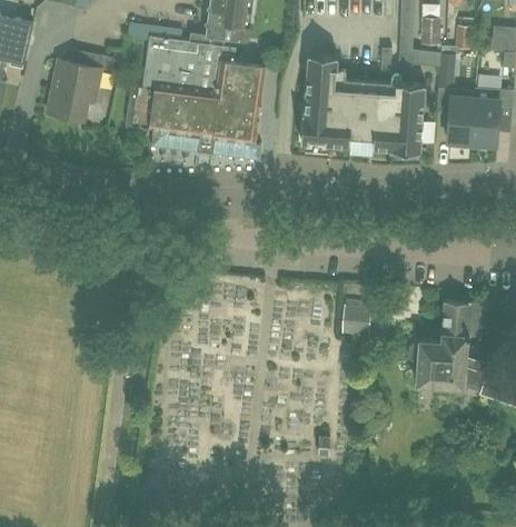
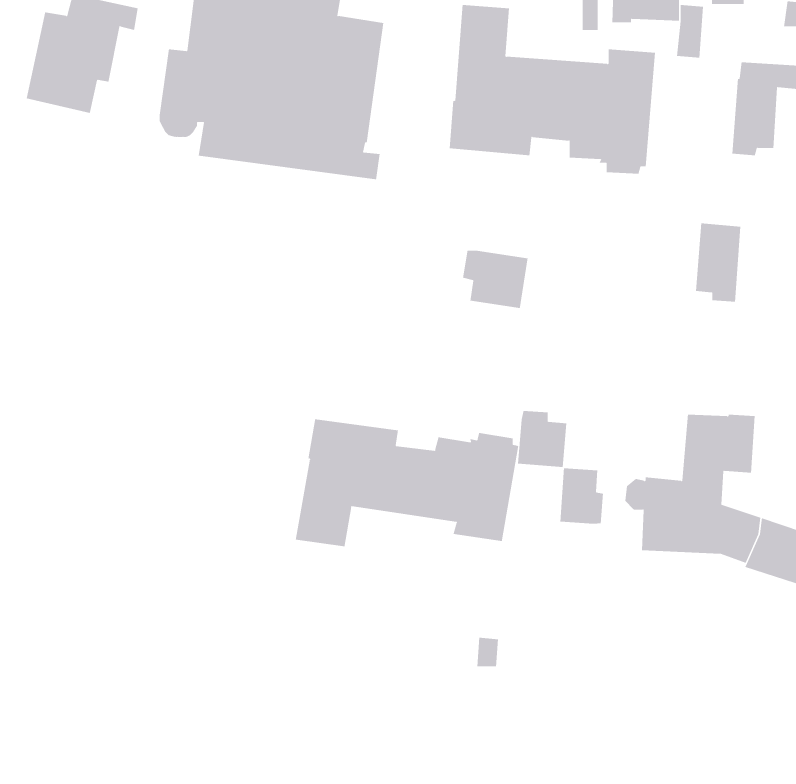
building: [447,97,475,145] -> [695,223,741,302]
building: none -> [462,250,528,309]
building: none -> [295,419,519,547]
building: none -> [560,468,604,525]

